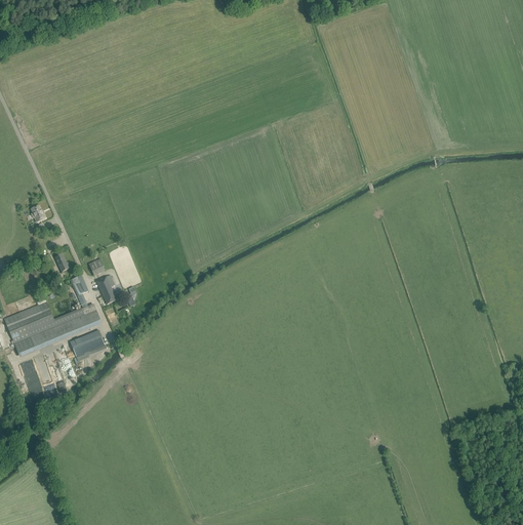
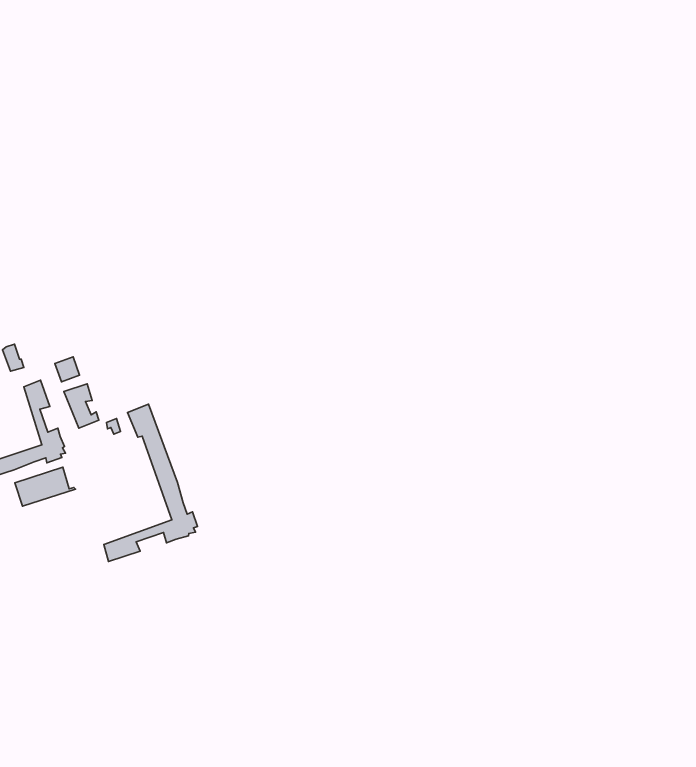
building: none -> [104,404,198,562]

